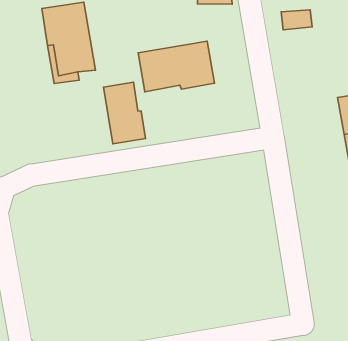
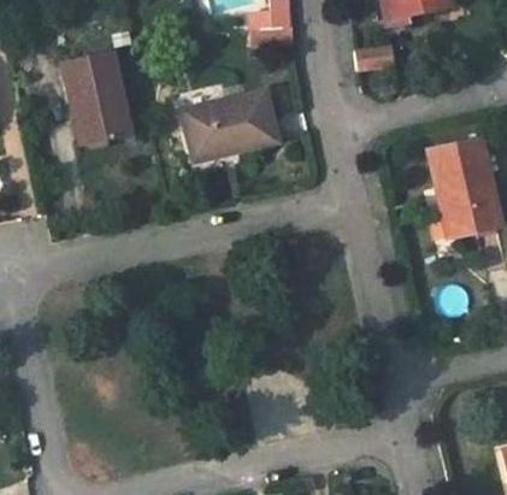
building: [103,82,146,144] -> none

